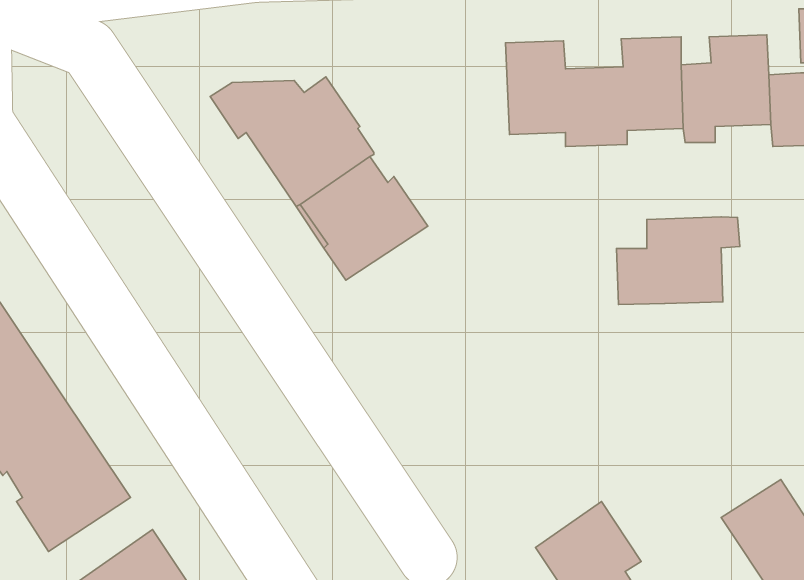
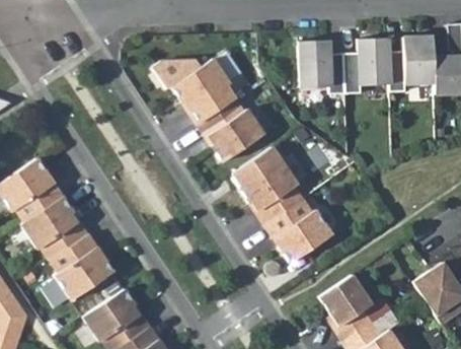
building: [617,217,740,305] -> none
building: none -> [234,147,332,263]

